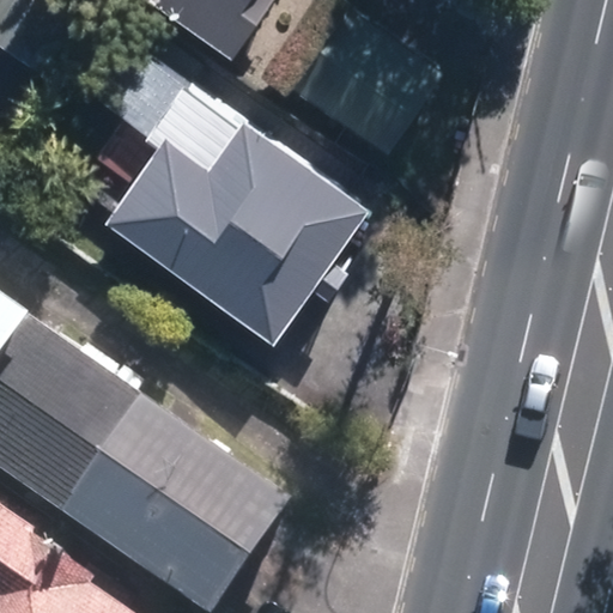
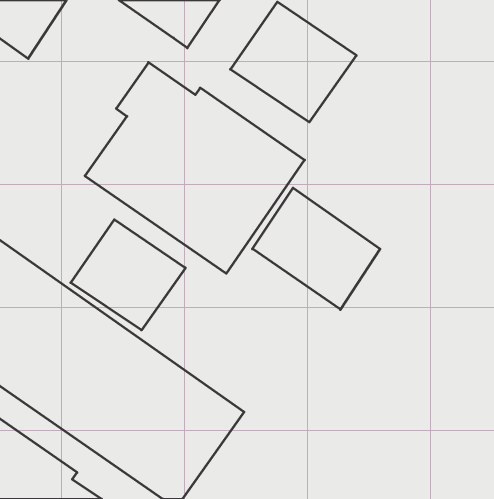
building: none -> [252,188,380,310]
building: none -> [71,220,185,330]

